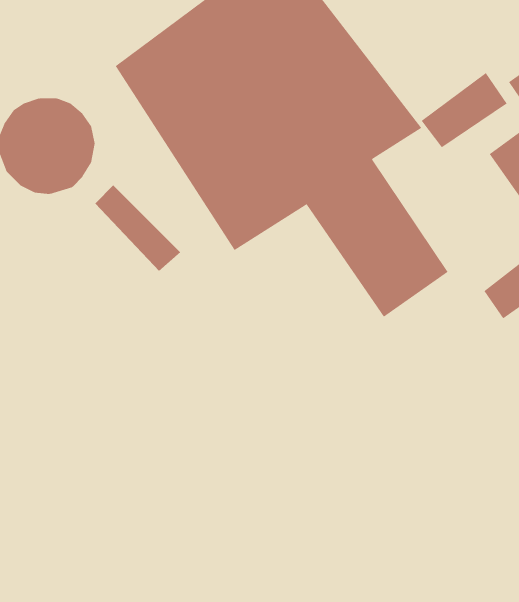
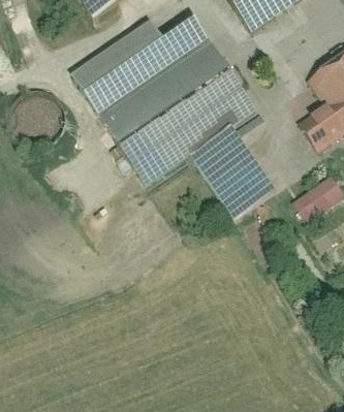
building: [421,72,507,148] -> none
building: [95,184,181,272] -> none

